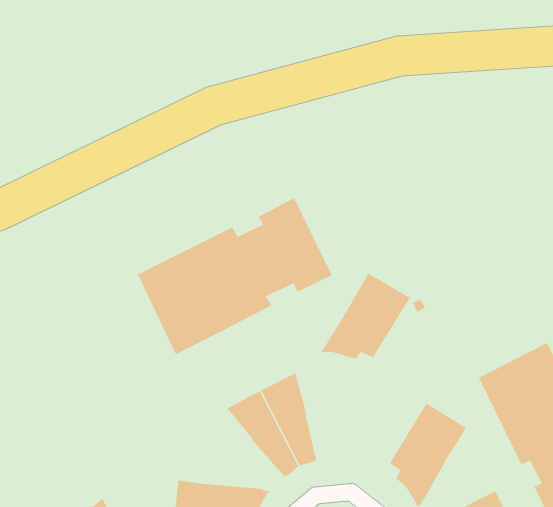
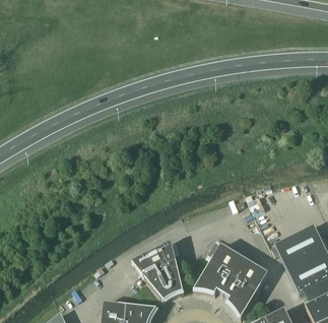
building: [137,197,333,355] -> none
building: [320,272,411,360] -> [193,244,245,294]

